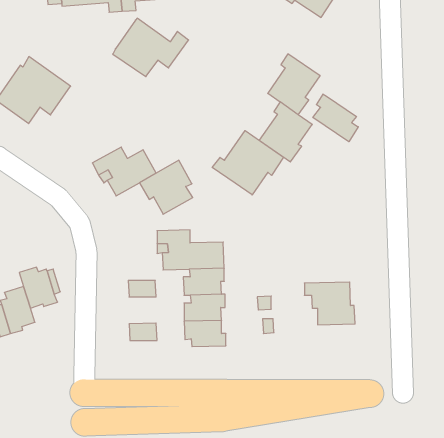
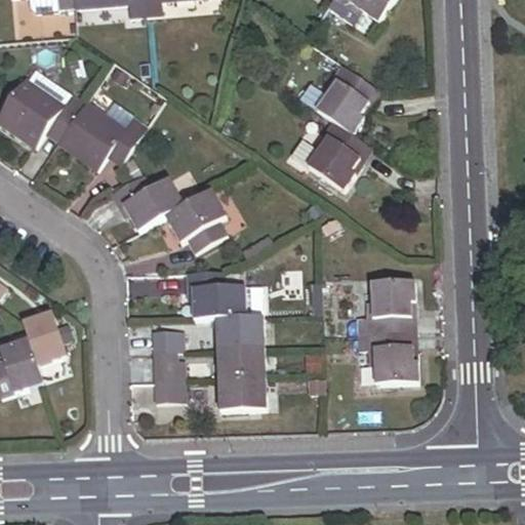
building: [113,18,189,77] -> [56,99,146,168]
building: [313,94,358,142] -> none
building: [212,131,284,195] -> none
building: none -> [357,280,414,333]
building: none -> [152,350,184,381]

